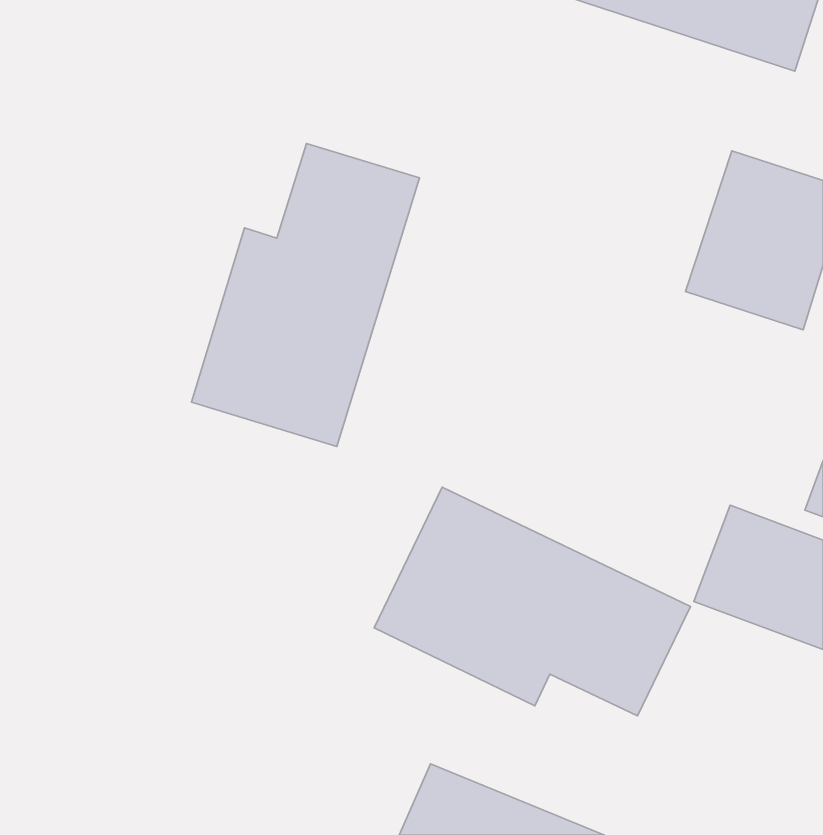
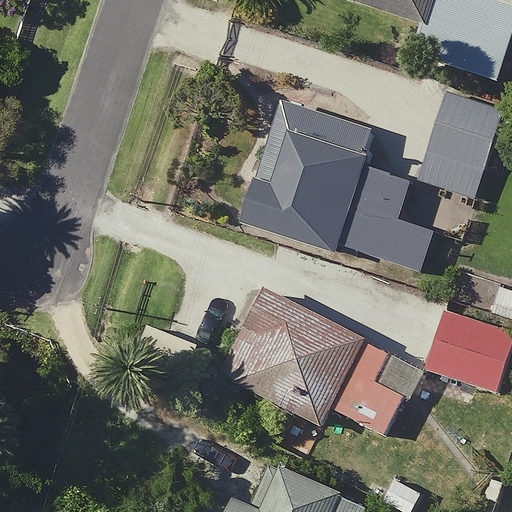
building: [192,144,419,447] -> none
building: none -> [244,102,445,270]

